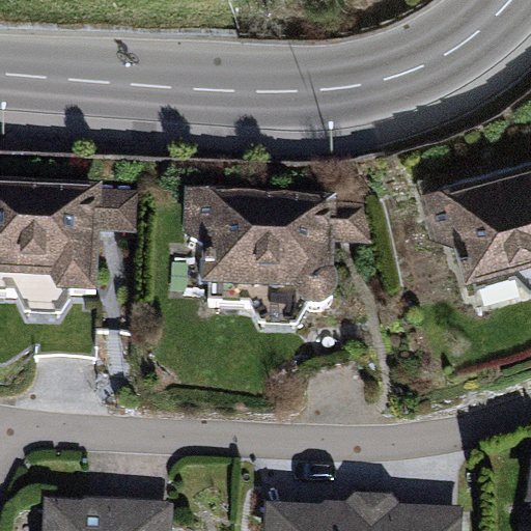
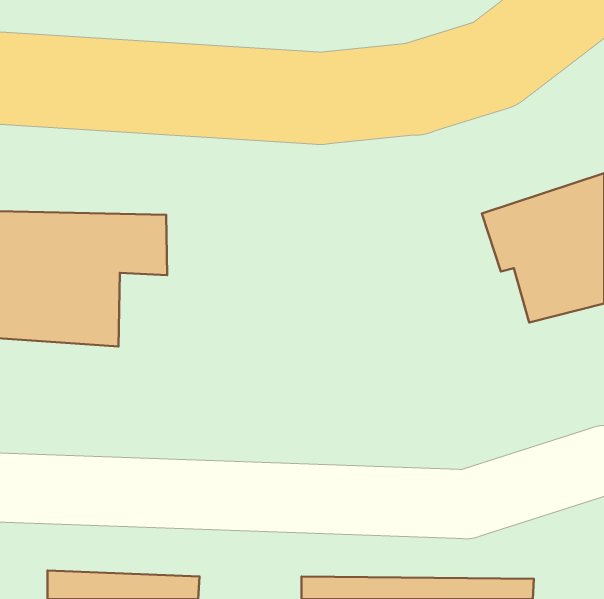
building: [187,197,370,306] -> none

